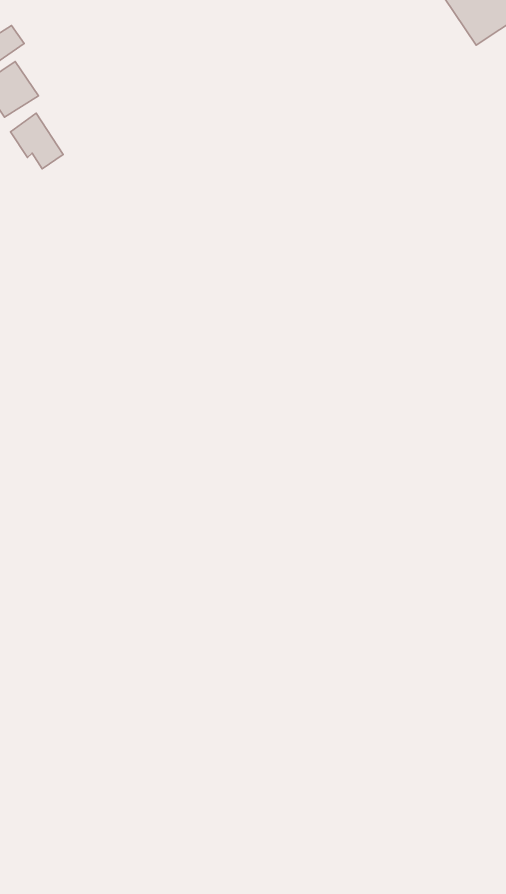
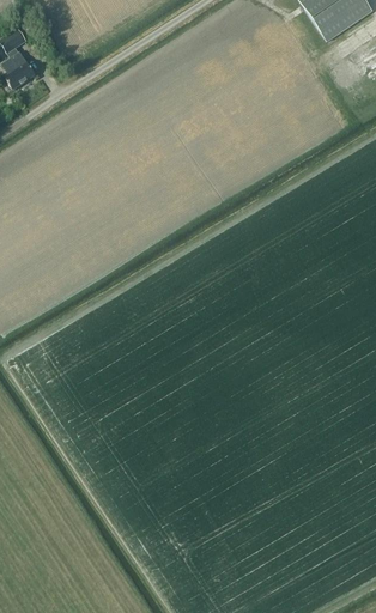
building: [10,113,63,169] -> none

